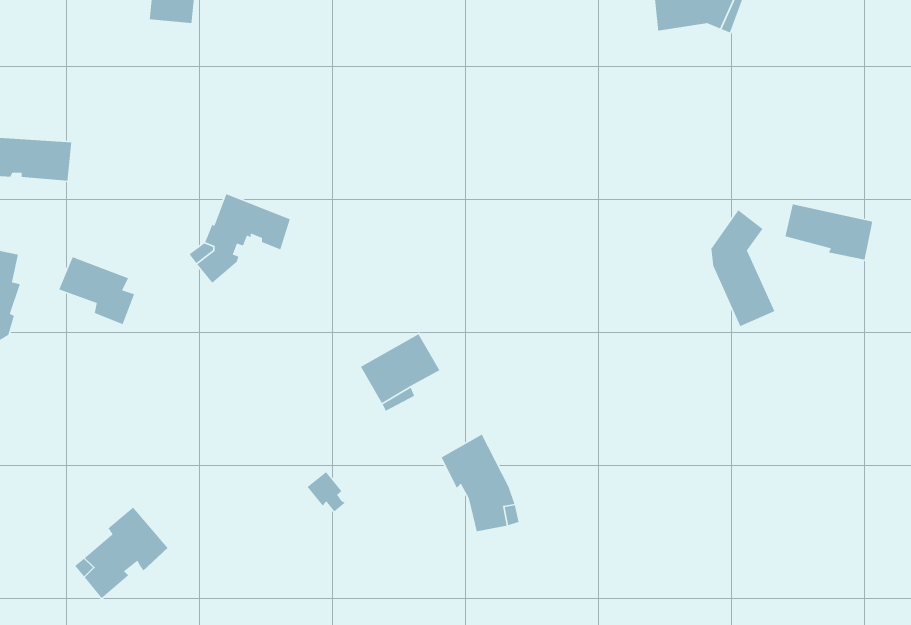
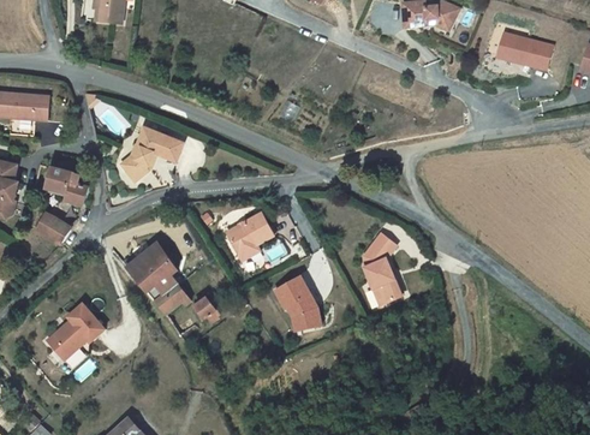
building: [784,203,873,261] -> [497,32,552,67]
building: [710,209,775,327] -> [363,232,403,304]
building: none -> [31,210,71,244]
building: none -> [123,243,190,315]

